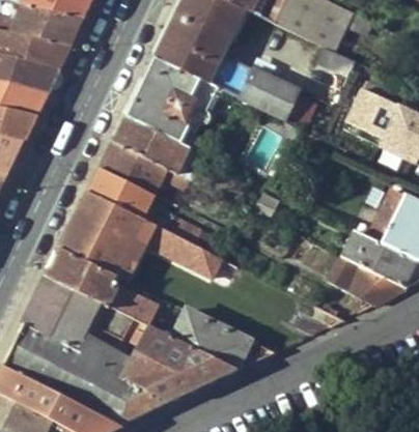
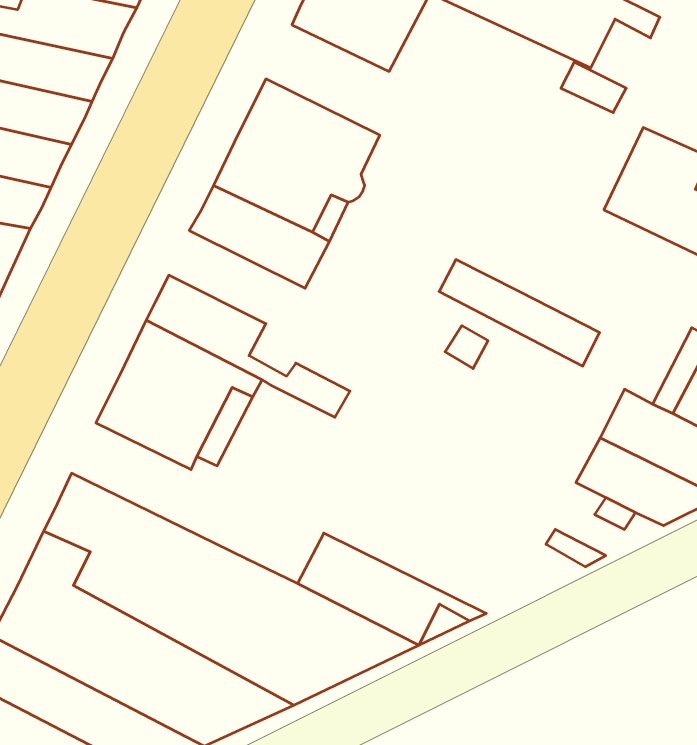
building: [156,26,301,118] -> none
building: [102,140,187,192] -> none
building: [149,226,239,285] -> [439,260,600,366]
building: [48,247,153,322] -> none

